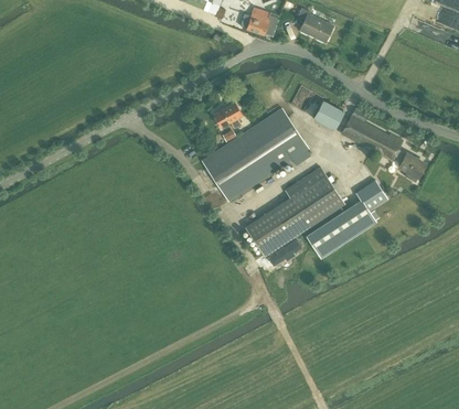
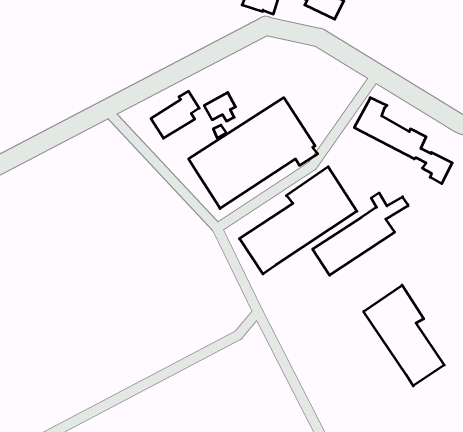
building: [313,100,343,129] -> none
building: none -> [151,91,199,138]
building: none -> [364,285,444,386]

